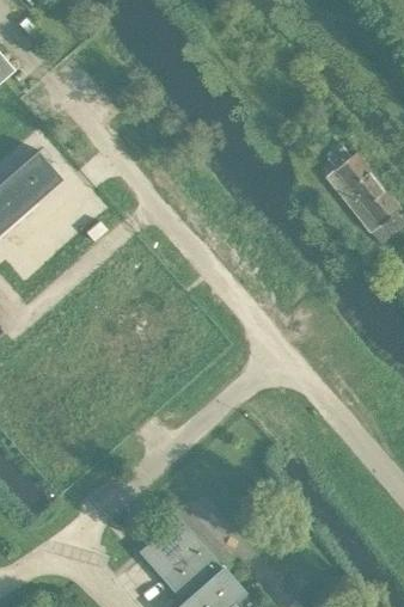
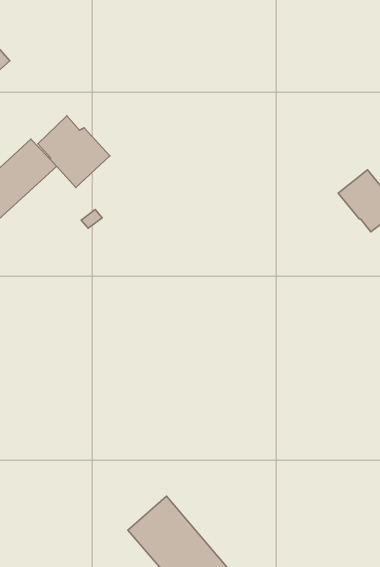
building: none -> [38,116,110,187]
building: [322,148,379,207] -> none

